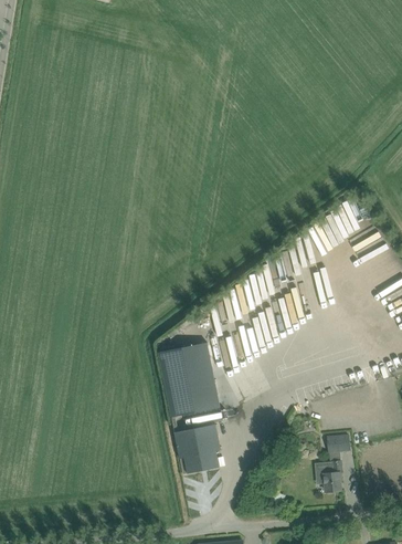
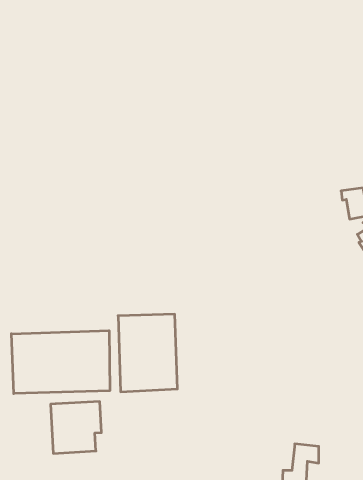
building: none -> [11,331,110,394]
building: [173,425,221,475] -> [51,402,101,453]

